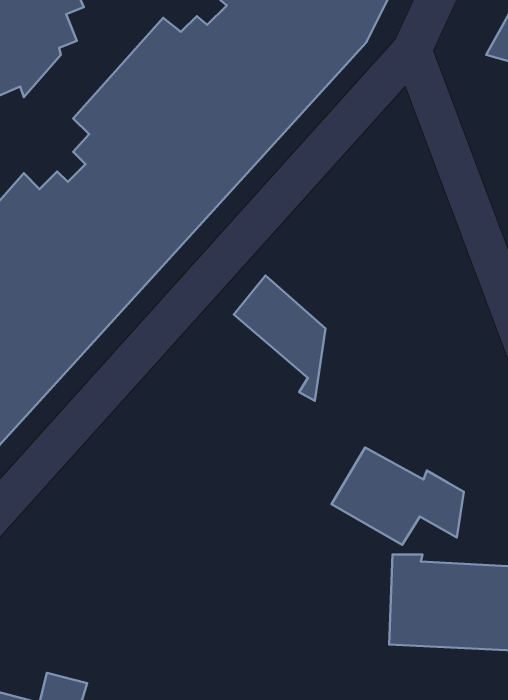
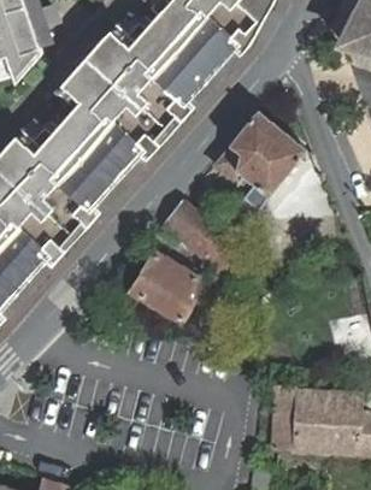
building: none -> [212,107,302,195]
building: [332,448,464,545] -> [129,252,219,318]

